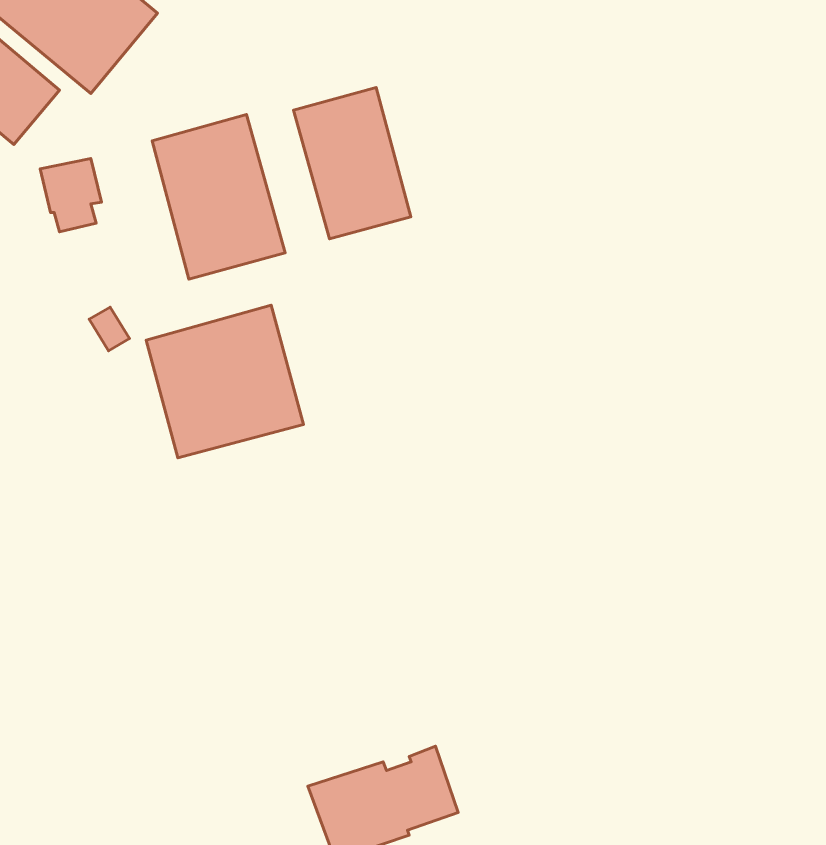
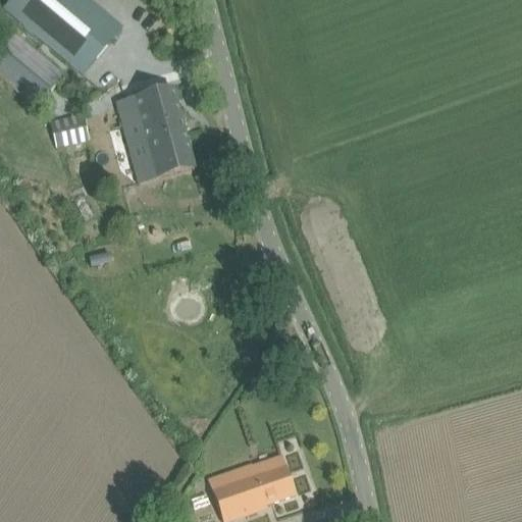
building: [293,88,411,239] -> none
building: [146,305,304,458] -> none

